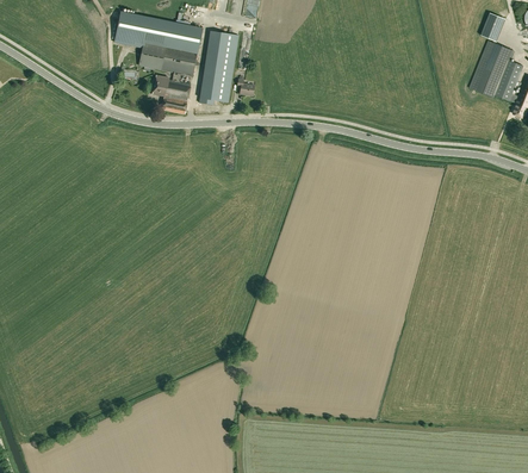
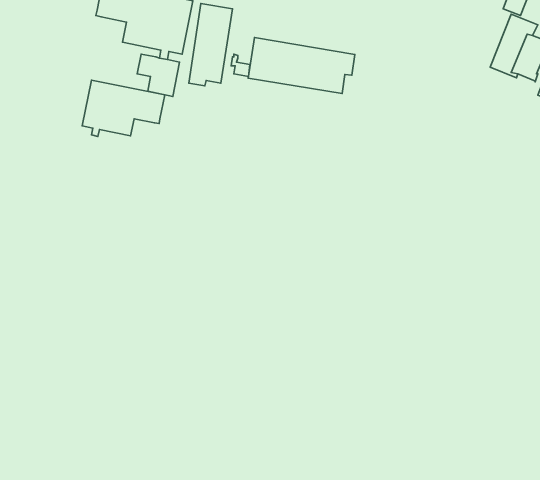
building: none -> [248,37,355,93]
building: none -> [82,80,165,136]

